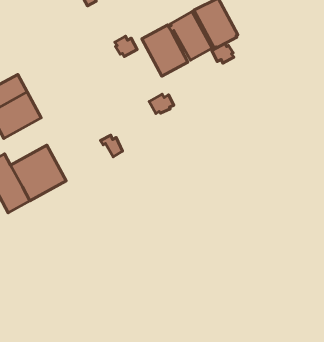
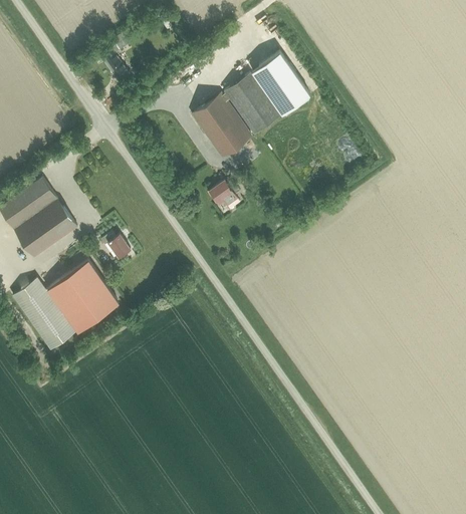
building: [115,36,137,56] -> none
building: [212,44,234,63] -> none
building: [100,135,123,157] -> [101,233,131,259]

